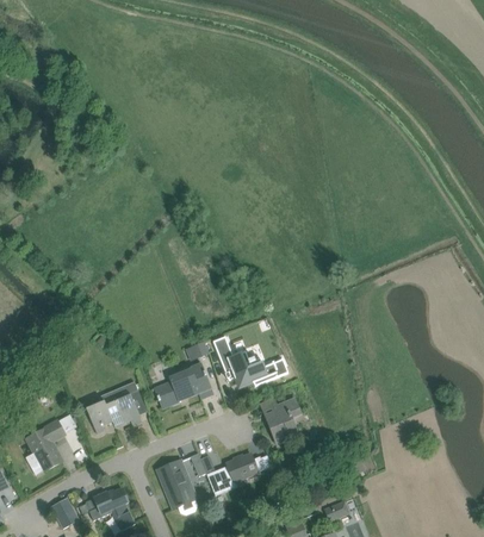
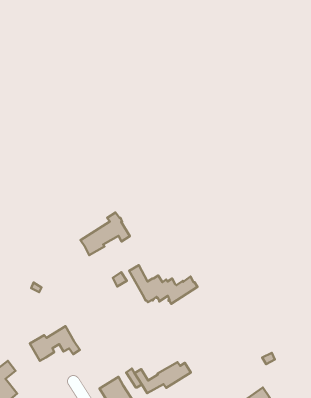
building: [154,363,211,407] -> [81,212,130,255]
building: [267,398,299,443] -> none

